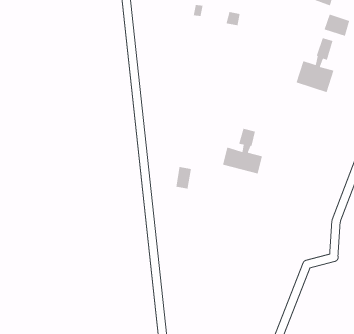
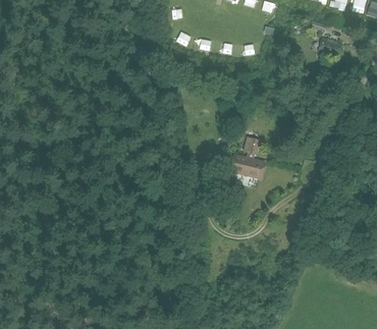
building: [296,37,335,93] -> none

